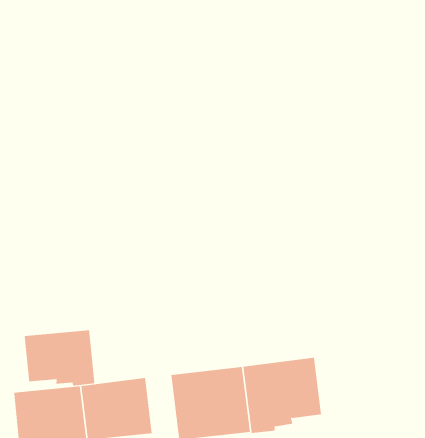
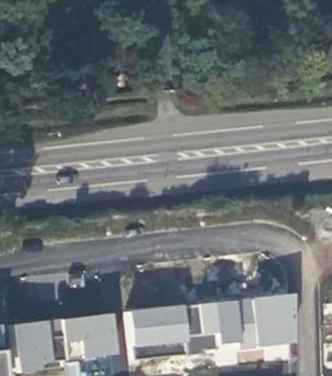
building: [24,329,95,386] -> none
building: none -> [235,294,293,348]

